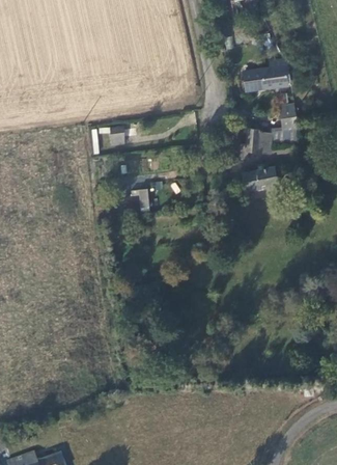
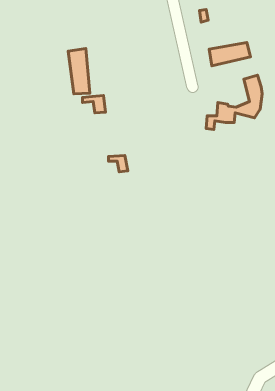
building: none -> [68,49,90,94]
building: [241,167,277,191] -> none

